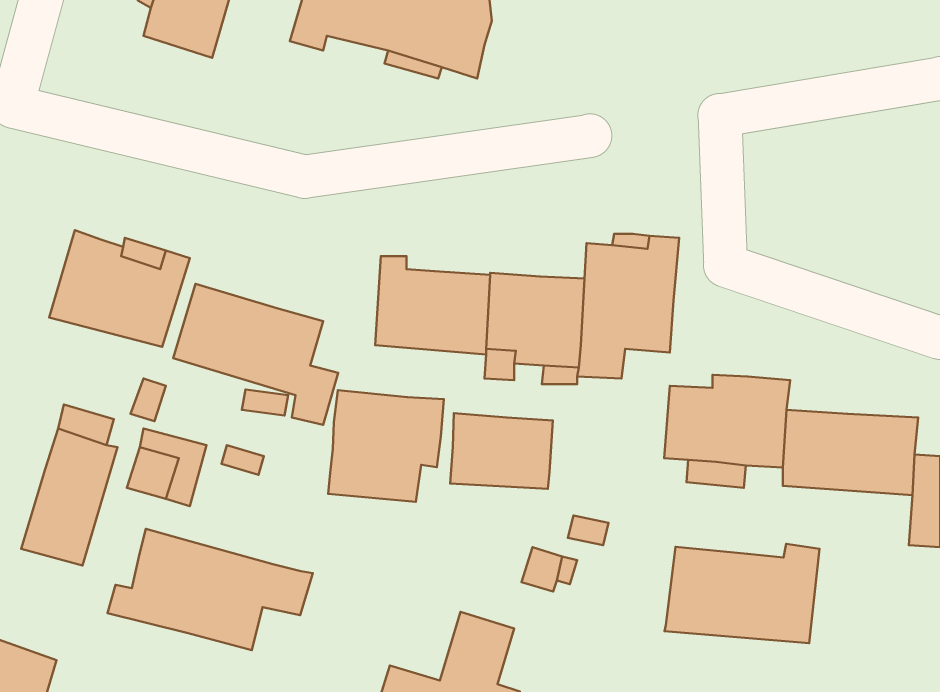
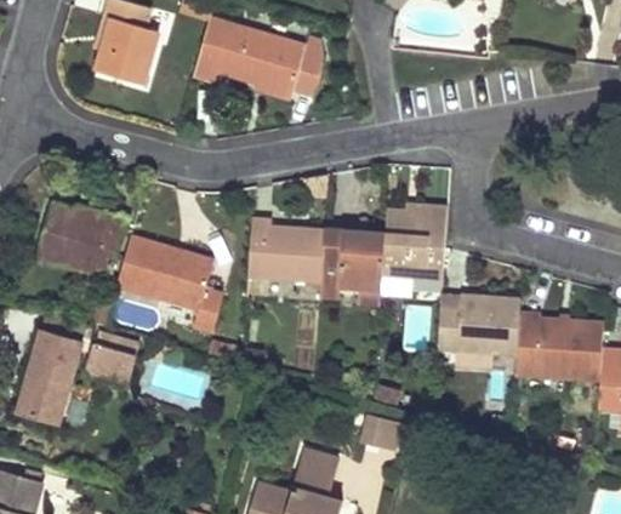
building: [328,390,444,502] -> none
building: [450,413,553,489] -> none
building: [108,529,313,650] -> none
building: [665,544,820,643] -> none

